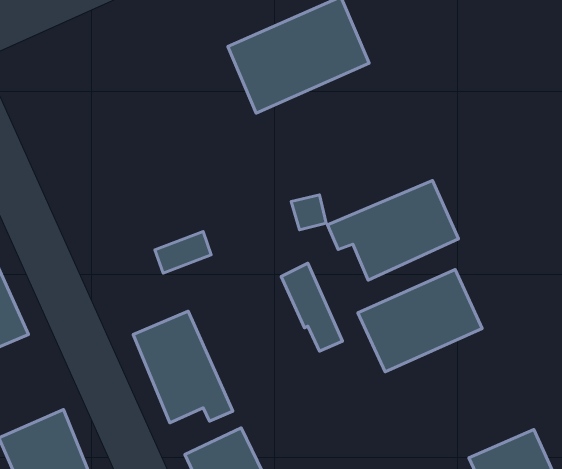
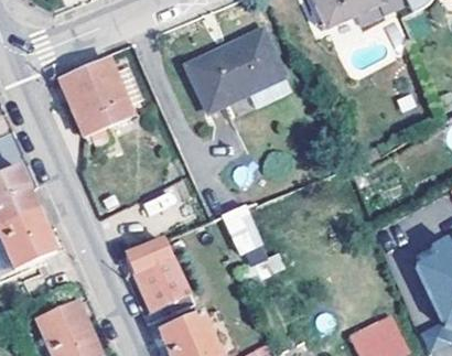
building: none -> [62,58,131,132]
building: [327,181,459,280] -> none
building: [358,269,482,372] -> none

